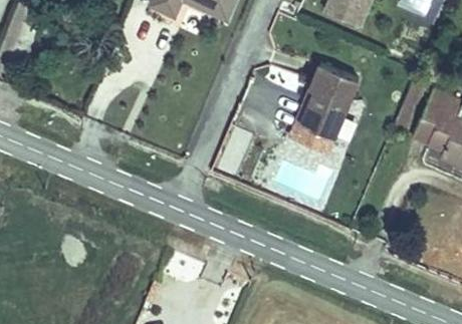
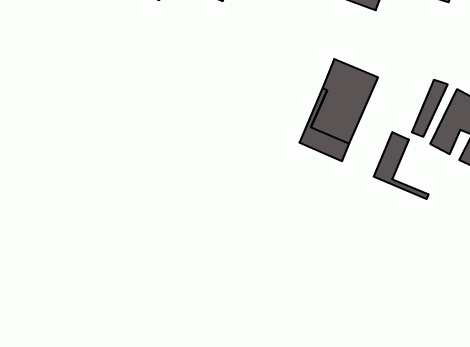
building: none -> [374,132,428,199]

